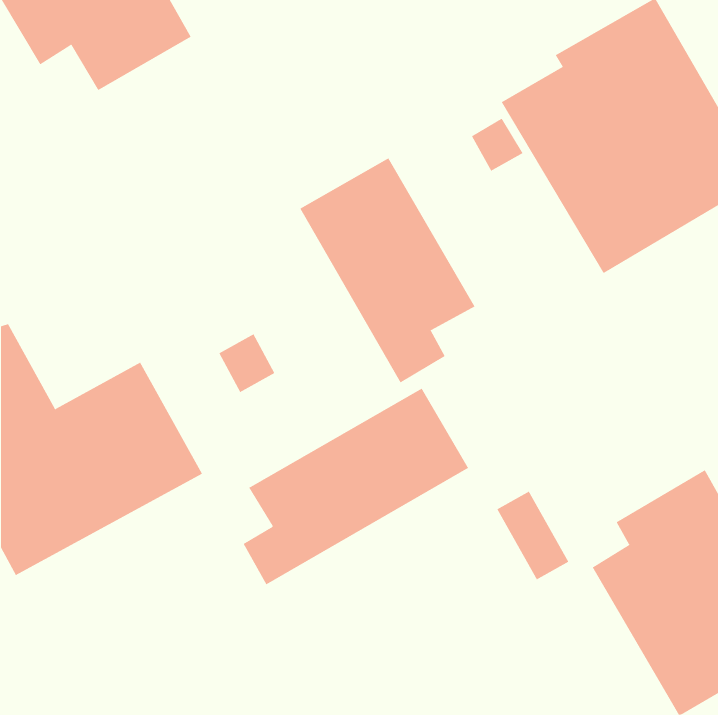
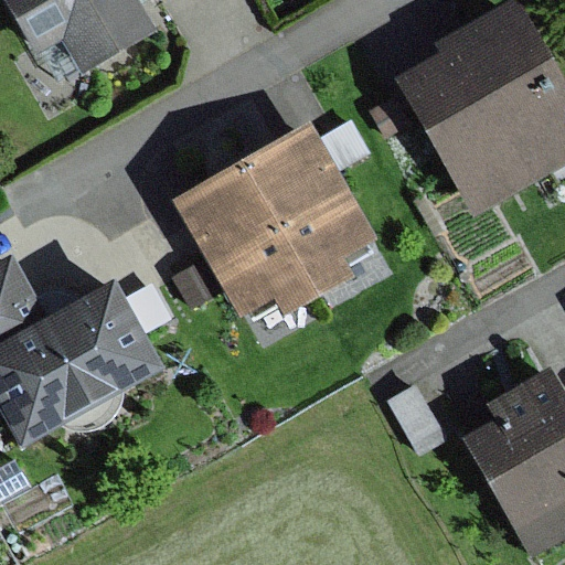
building: none -> [172,162,317,319]
building: [243,388,469,585] -> none

